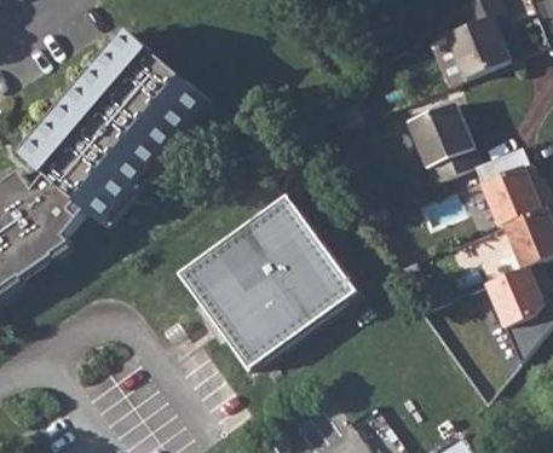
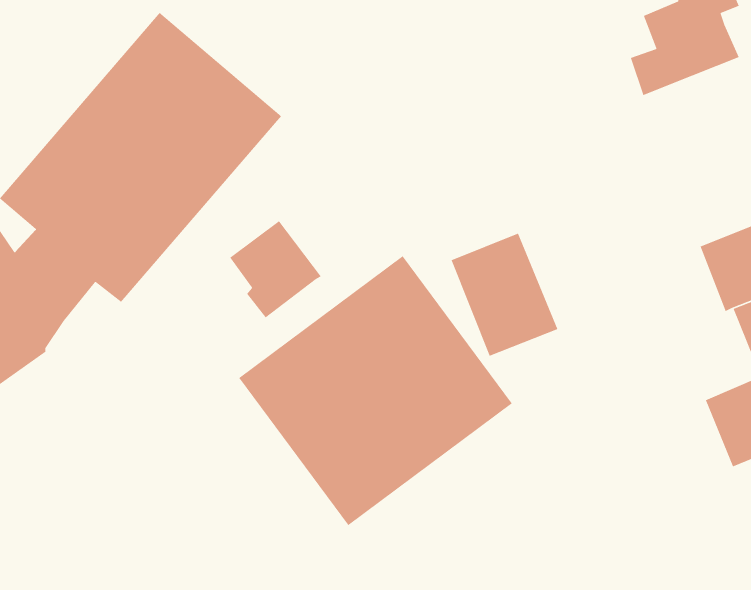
building: [408,101,479,184] -> [451,232,559,357]
building: none -> [229,220,322,318]

